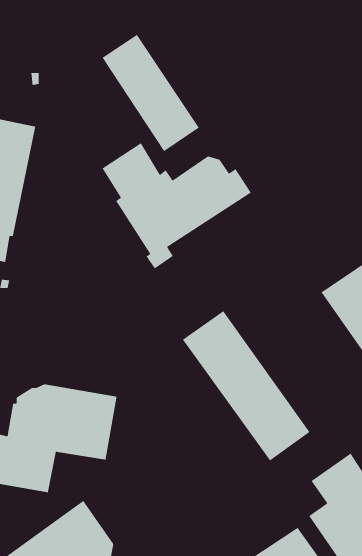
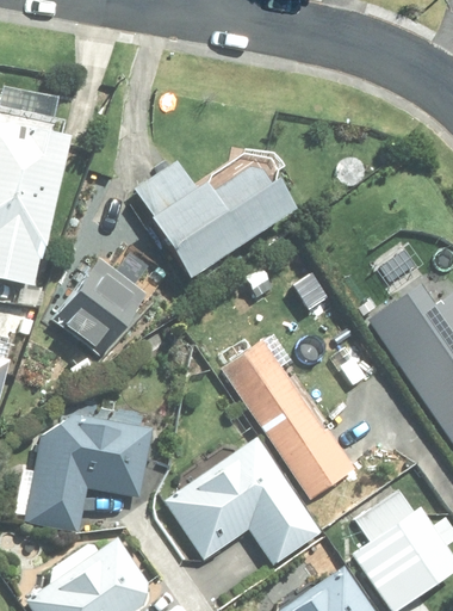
building: [101,34,200,152] -> none
building: none -> [52,258,147,356]
building: none -> [166,438,321,564]

